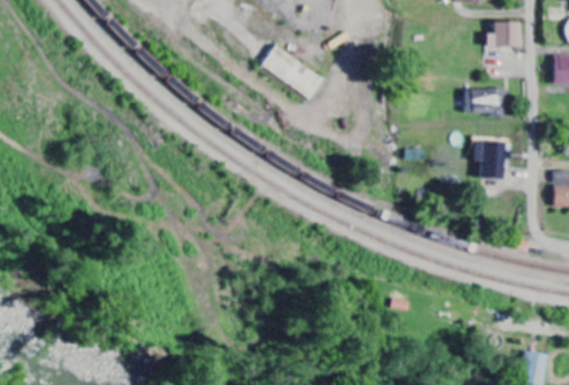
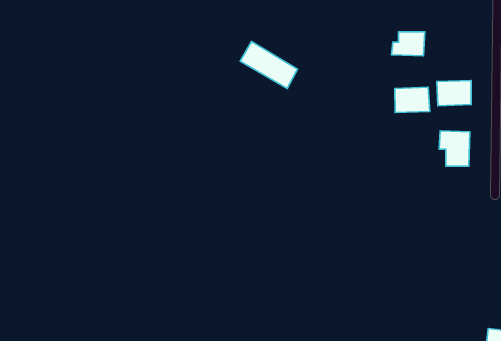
building: [487,21,522,46] -> [392,32,425,56]
building: none -> [395,87,430,113]

